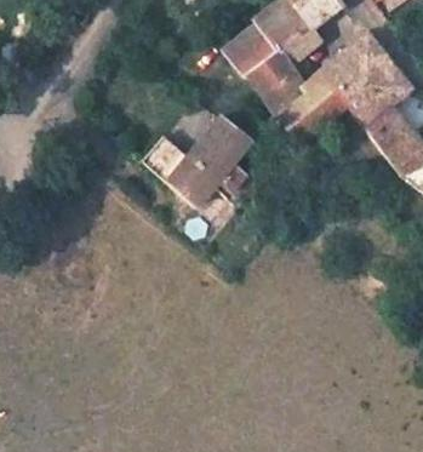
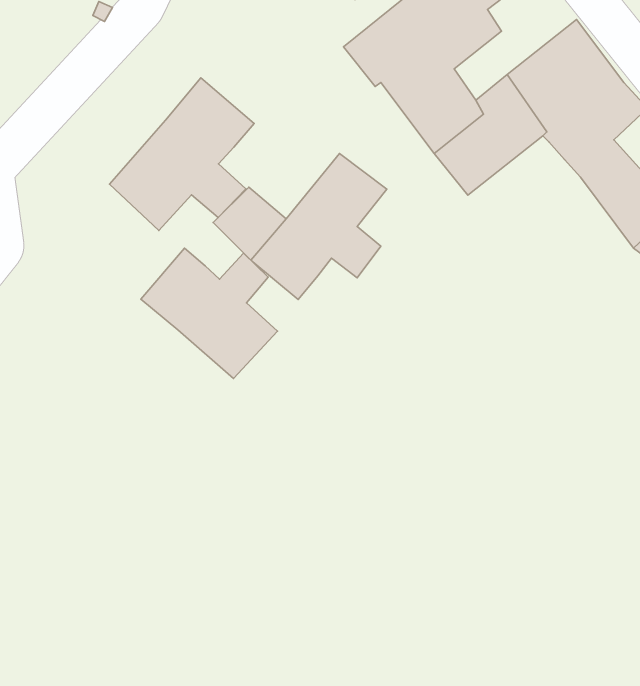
building: none -> [110,78,254,230]
building: none -> [141,248,277,378]

